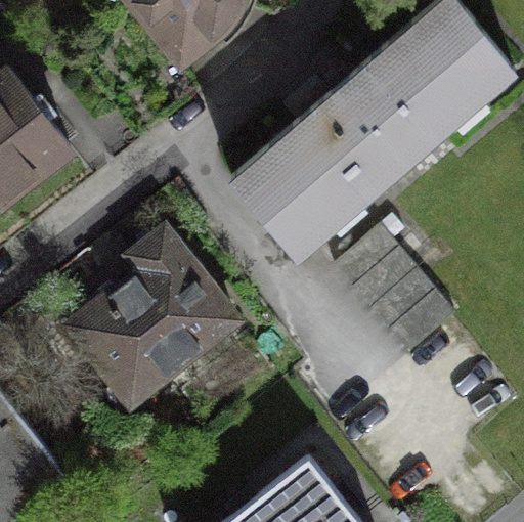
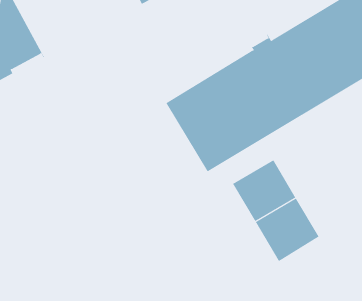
building: [70,232,236,399] -> none

